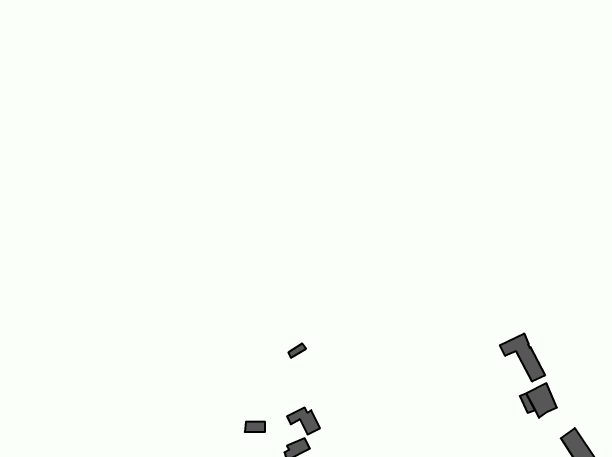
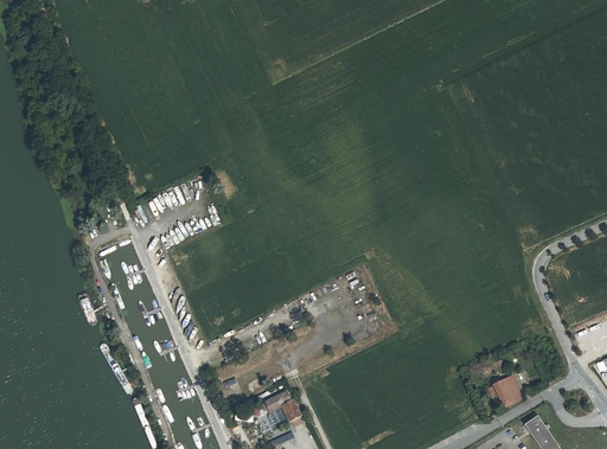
building: [500,333,545,382] -> none

